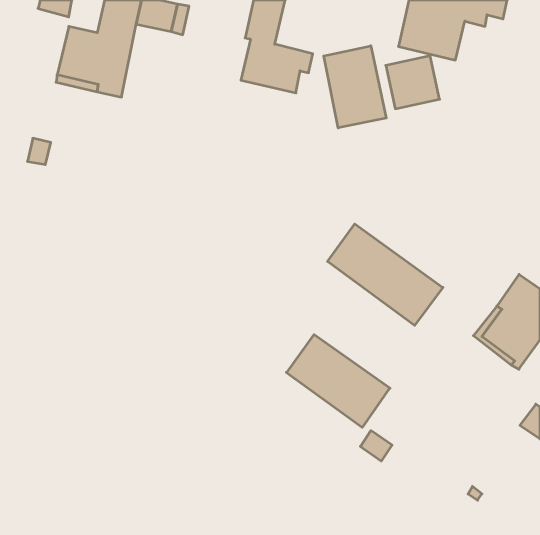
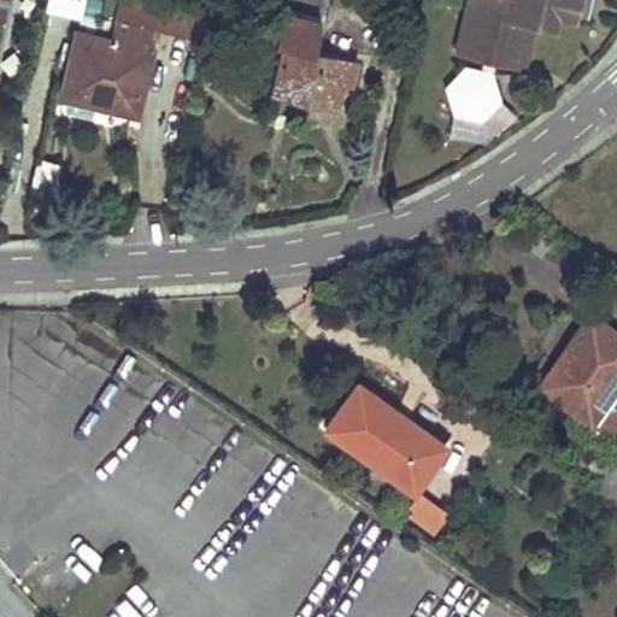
building: [324,46,386,128] -> none
building: [328,224,443,325] -> none

